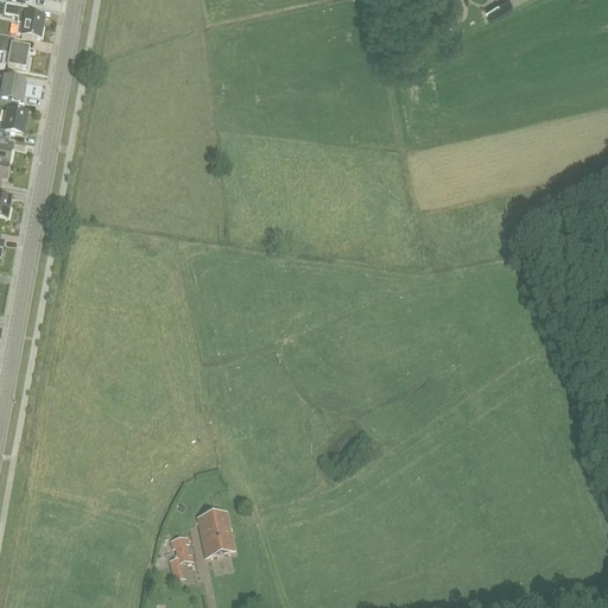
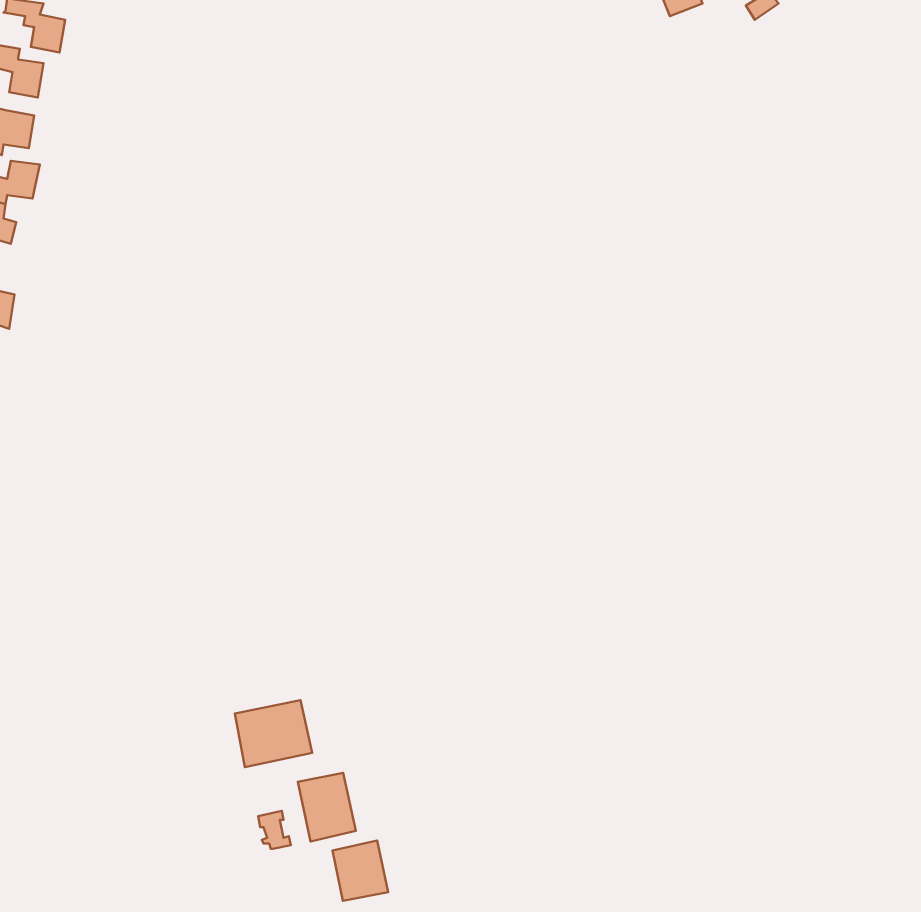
building: none -> [235,700,312,767]
building: none -> [332,841,388,901]

